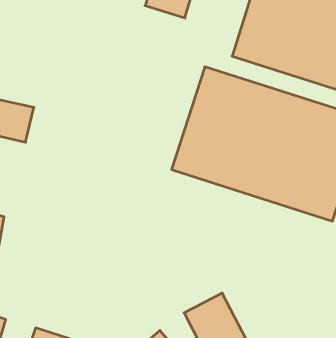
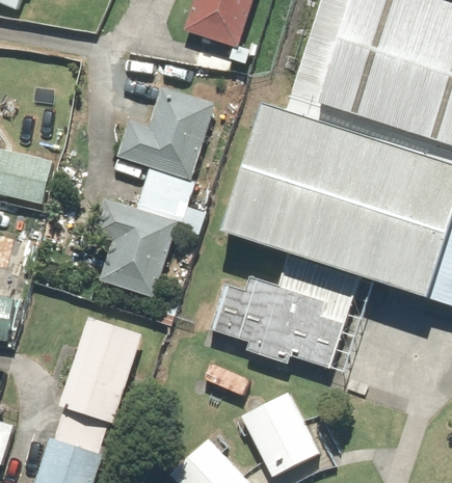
building: none -> [91,87,219,297]
building: none -> [209,275,344,368]
building: none -> [61,313,145,424]

